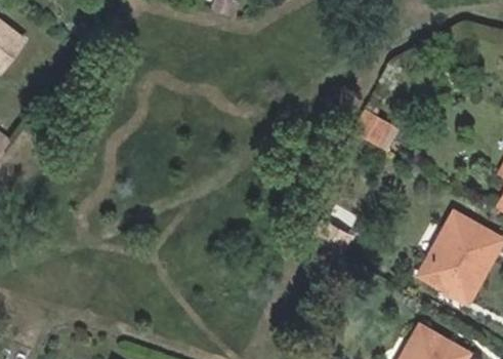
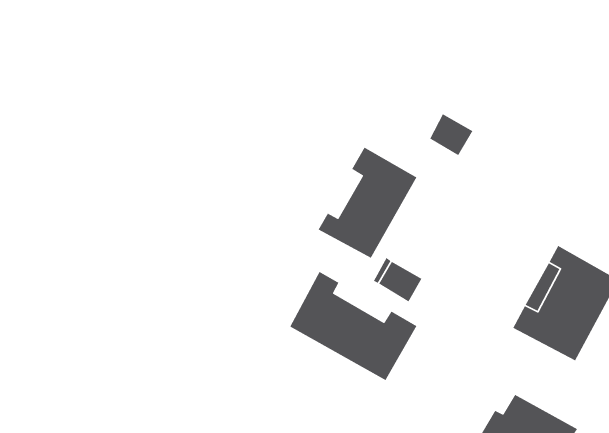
building: none -> [318,147,417,259]
building: none -> [289,271,418,381]

